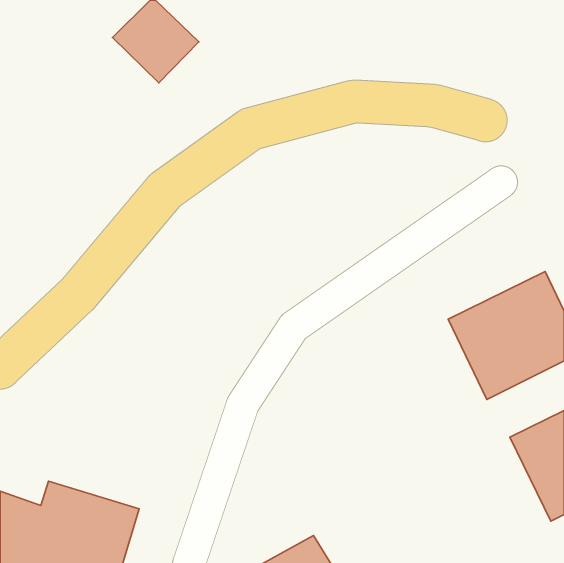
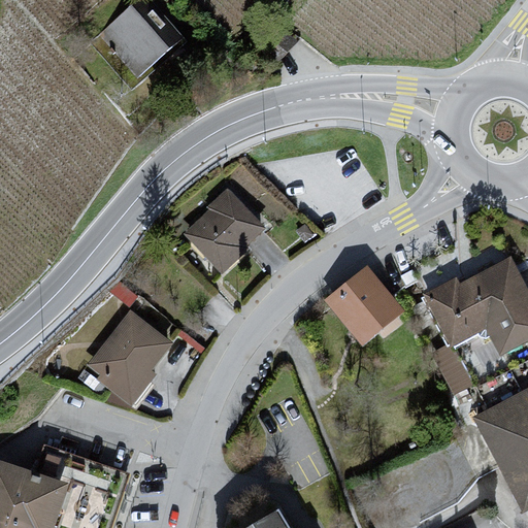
building: none -> [177,193,272,288]
building: none -> [321,264,398,340]
building: none -> [79,312,171,406]

